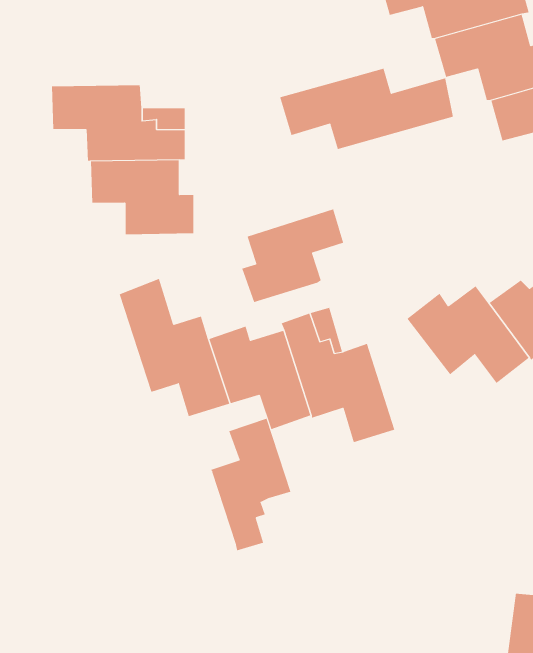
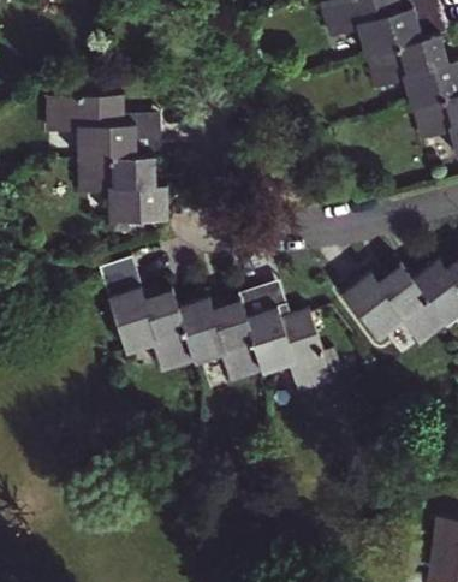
building: [279,68,454,150] -> none
building: [241,209,344,303] -> none
building: [210,418,291,551] -> none

